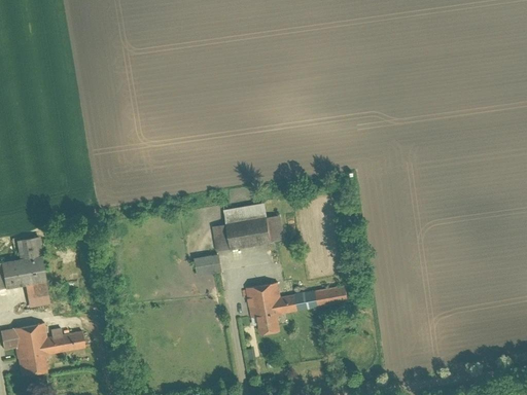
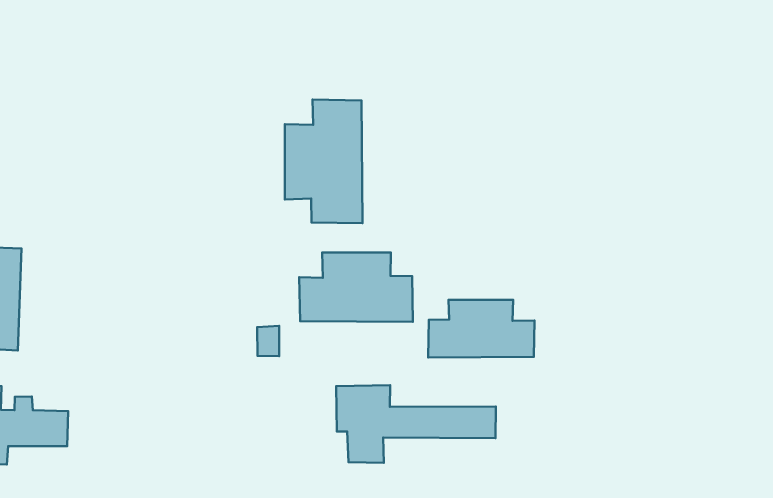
building: none -> [285,99,363,223]
building: none -> [428,300,535,357]

